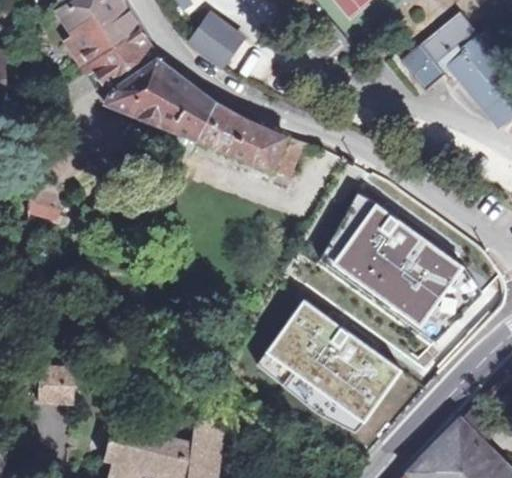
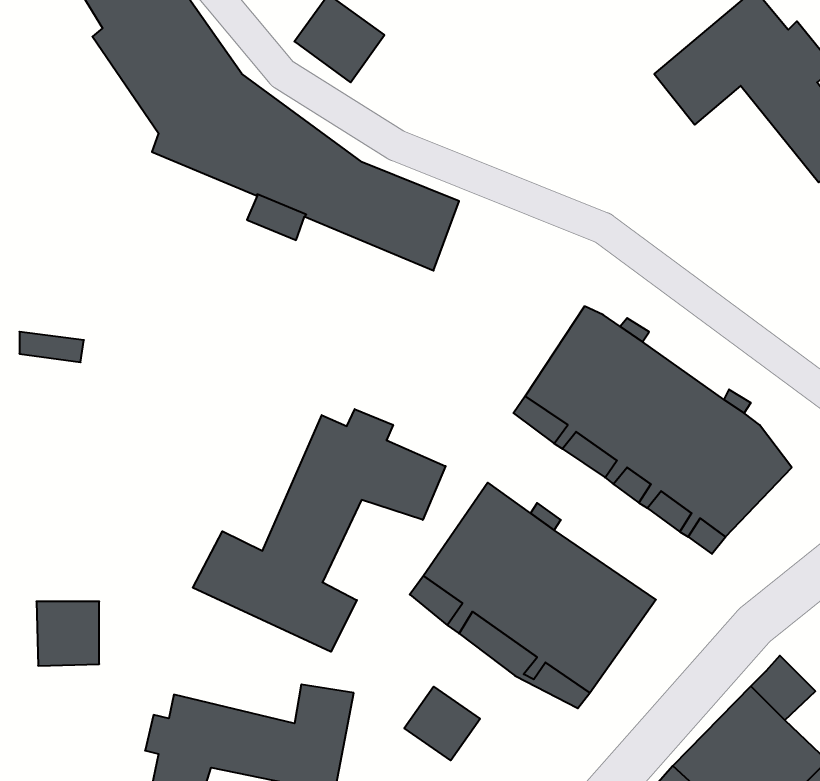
building: none -> [193,409,446,652]
building: none -> [404,687,480,760]

